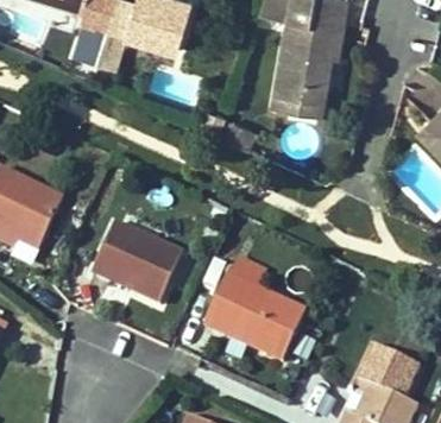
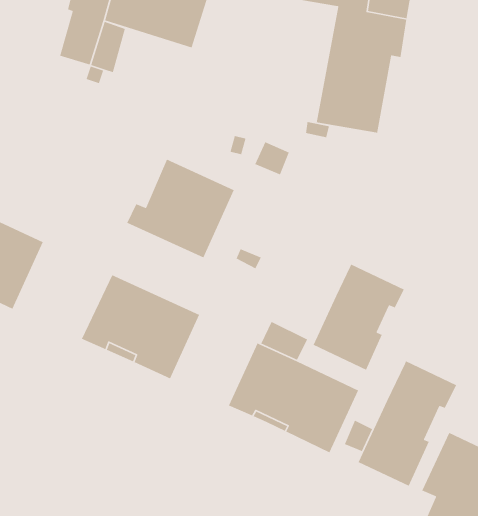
building: none -> [126,159,235,258]
building: none -> [312,264,405,371]
building: none -> [358,360,457,487]

